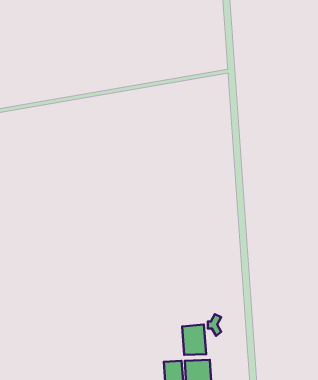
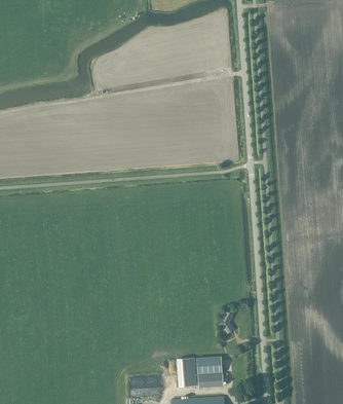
building: [182,325,206,355] -> none

